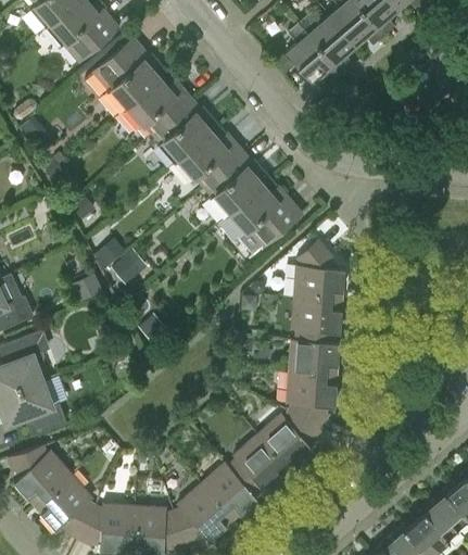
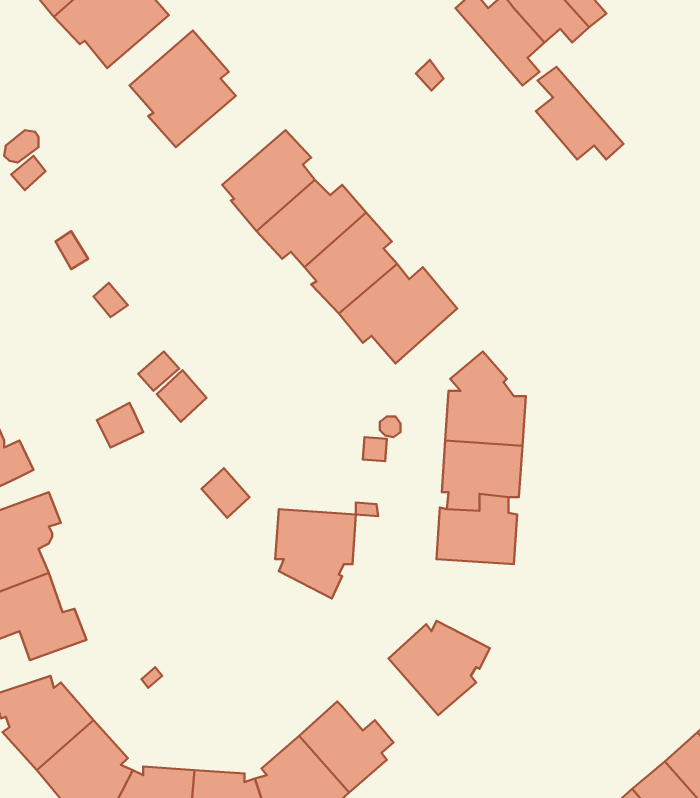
building: [287,23,342,81] -> [536,67,623,159]
building: [123,78,192,135] -> none
building: [286,371,337,428] -> [275,509,356,598]
building: [228,434,289,492] -> none

